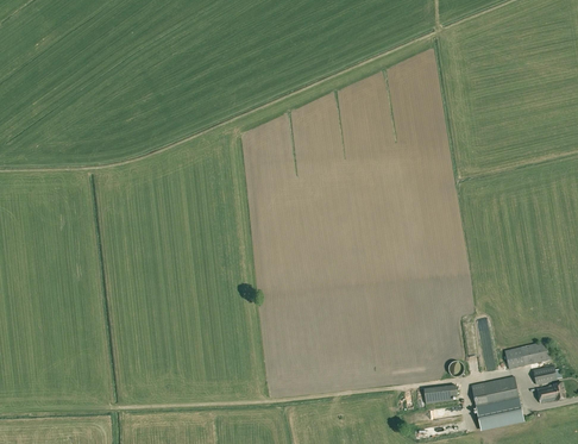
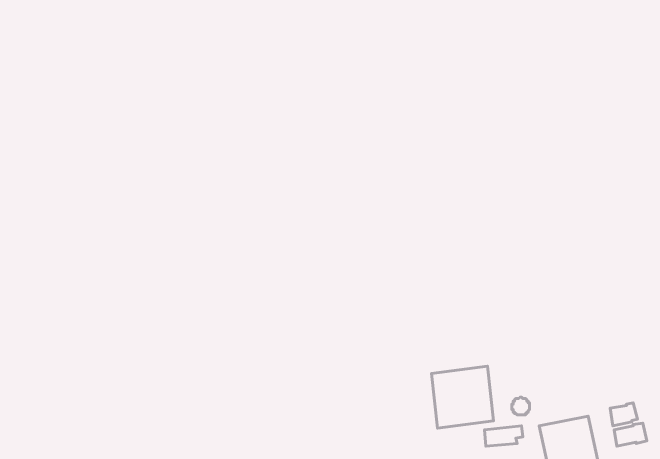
building: none -> [431,366,494,428]
building: [504,340,549,368] -> none

